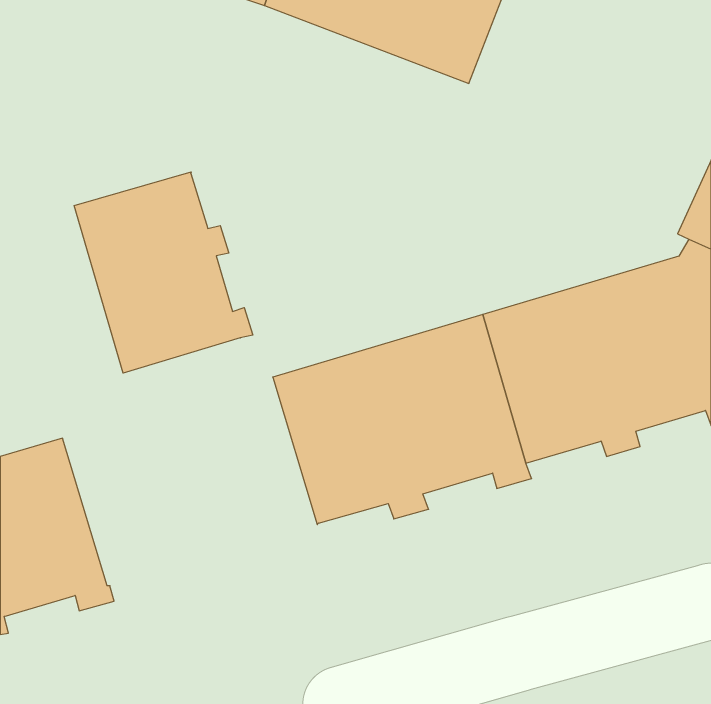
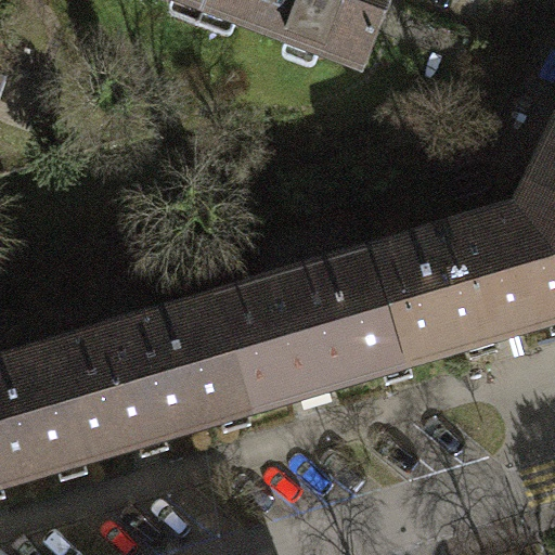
building: [74,172,253,373] -> none
building: none -> [49,294,253,456]

